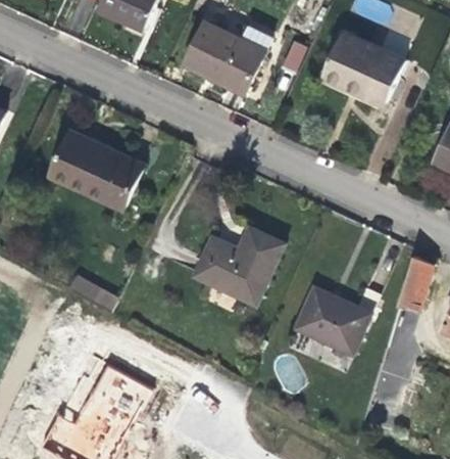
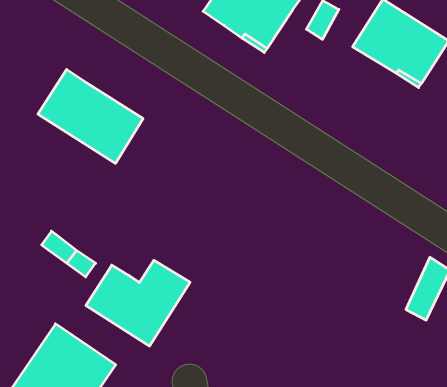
building: [194,228,284,305] -> [86,260,190,346]
building: [295,286,371,355] -> none

